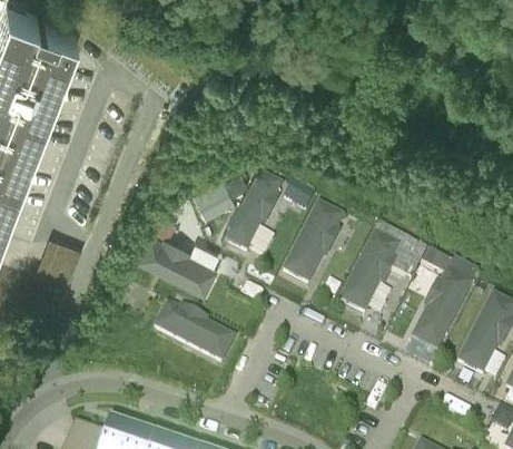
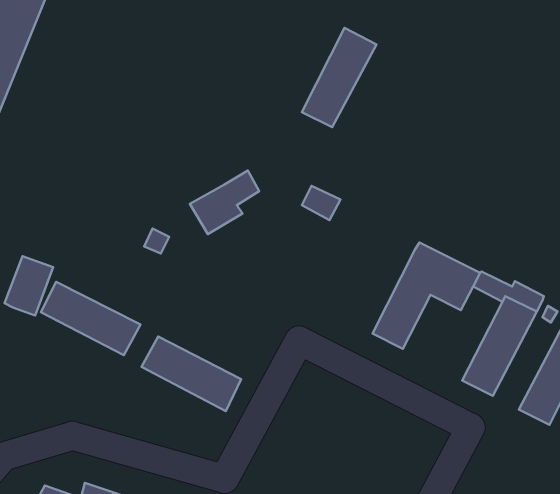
building: [224,170,284,251] -> [302,28,376,127]
building: [285,203,345,283] -> none
building: [139,232,219,291] -> [41,282,140,355]

